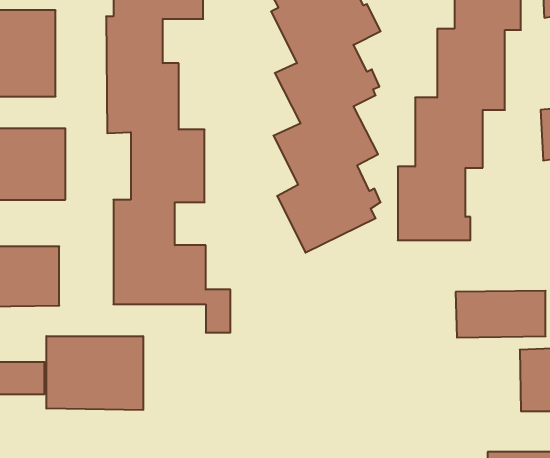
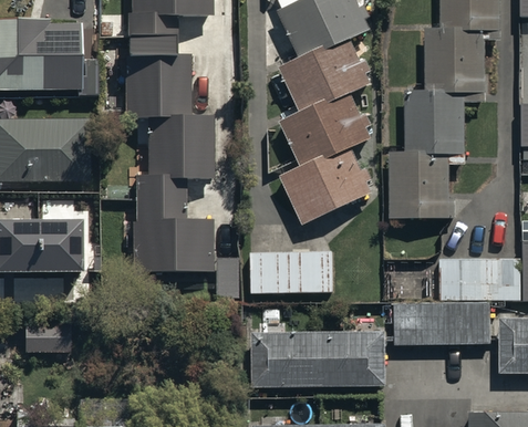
building: none -> [251,252,334,295]
building: [46,336,143,410] -> none
building: none -> [392,306,490,352]
building: none -> [251,329,384,385]

